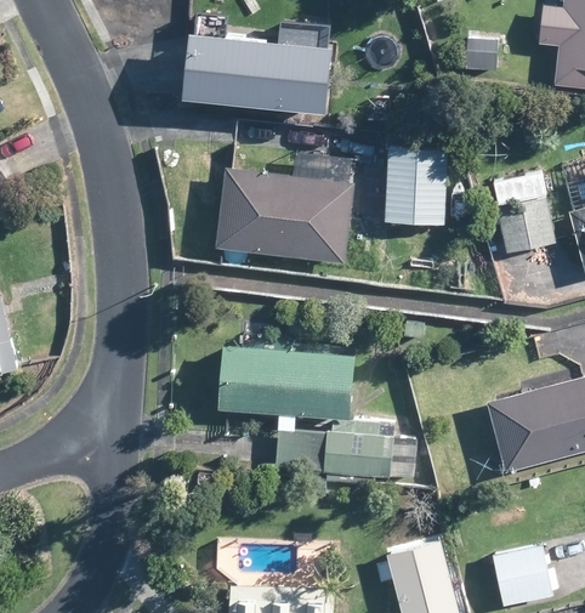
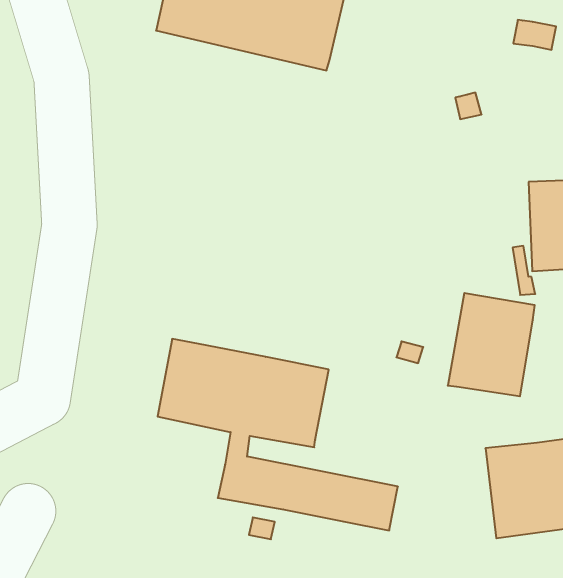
building: [384,148,445,226] -> [448,293,535,396]
building: [216,169,352,263] -> none

